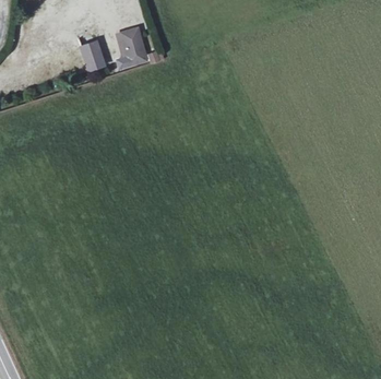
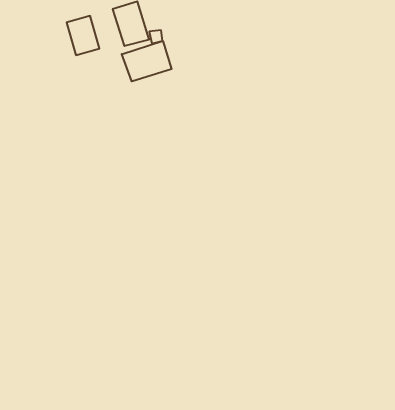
building: none -> [122,41,172,81]

